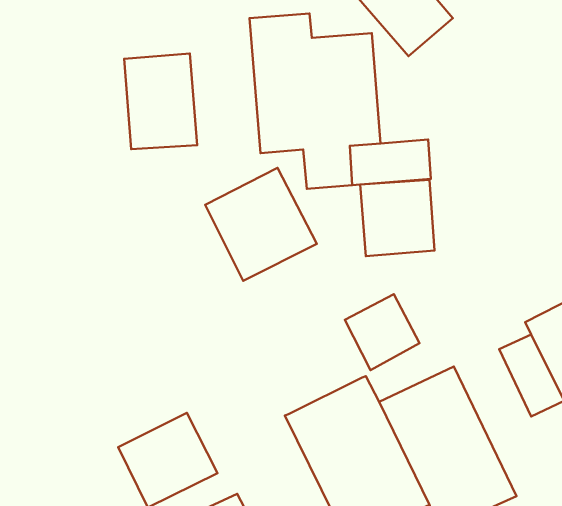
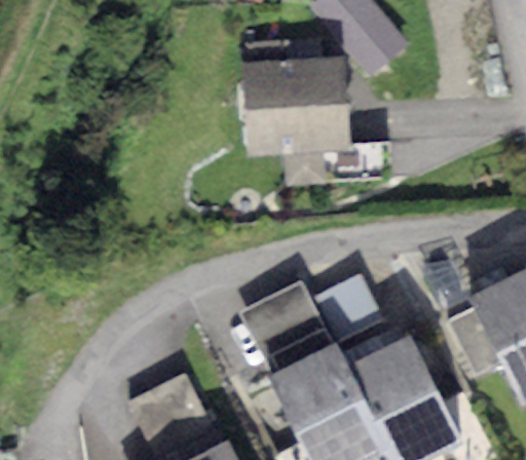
building: [124,54,197,149] -> none
building: [205,168,317,281] -> [239,279,333,374]
building: [360,180,434,256] -> none

